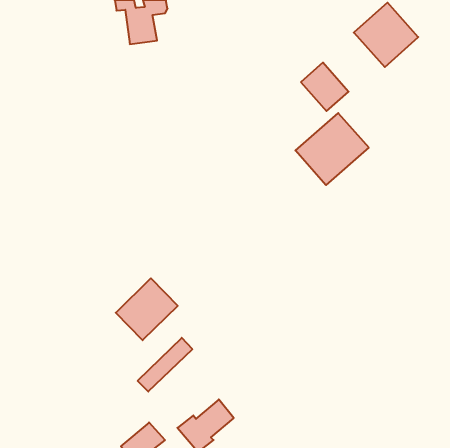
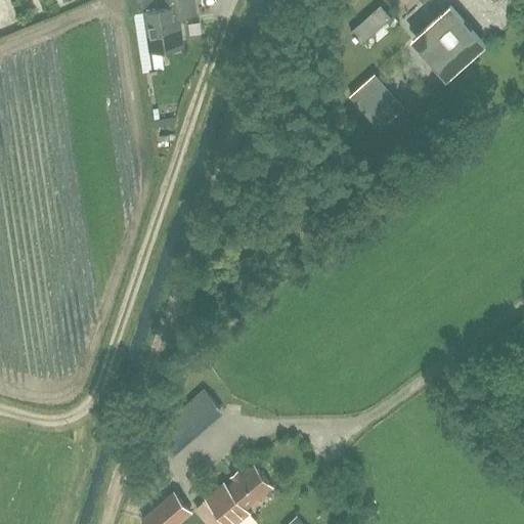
building: none -> [349,7,391,47]
building: [295,113,369,185] -> none
building: [116,278,178,340] -> none

